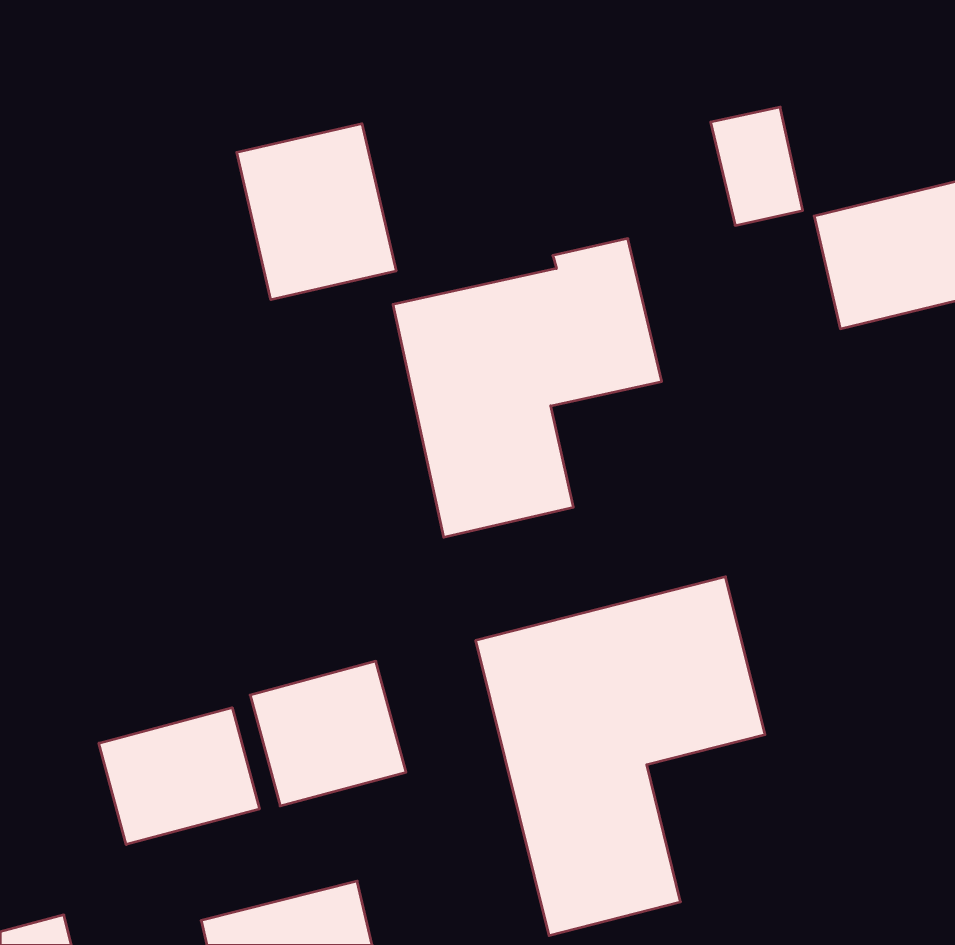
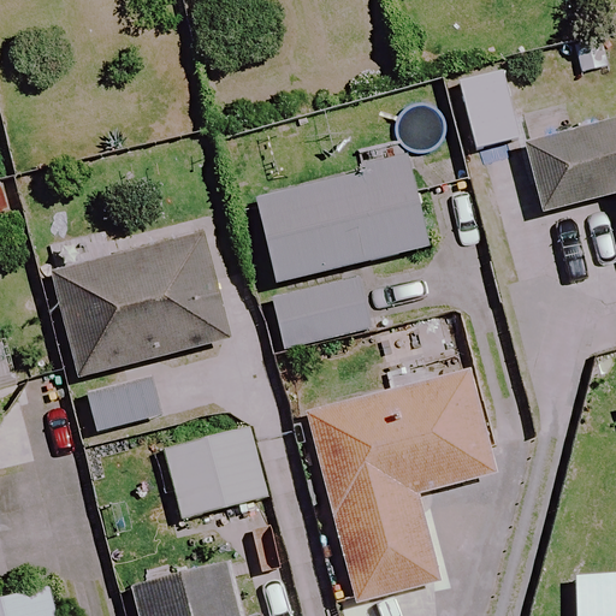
building: [237,124,396,300] -> none
building: none -> [52,232,227,430]
building: [99,708,259,845] -> none

